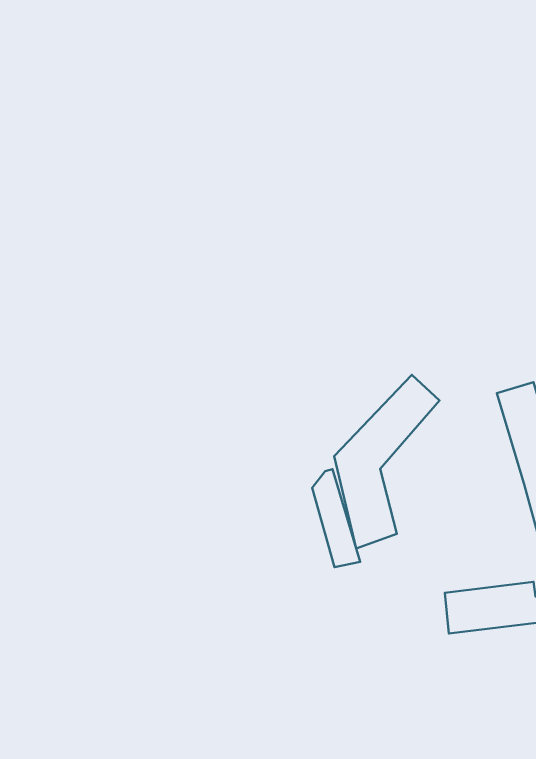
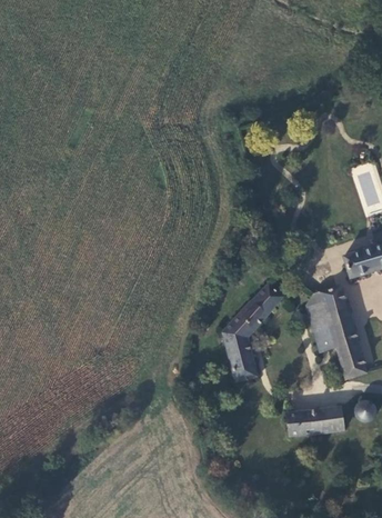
building: [312,469,360,567] -> [308,291,336,350]

